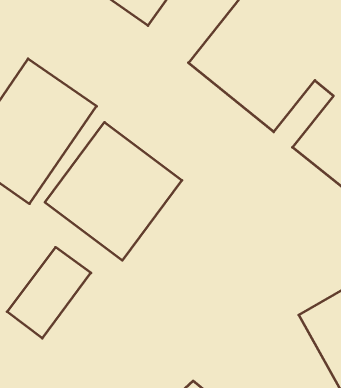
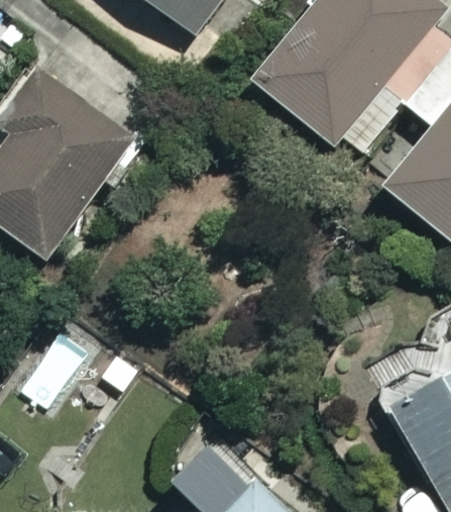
building: [45,122,182,260] -> none

